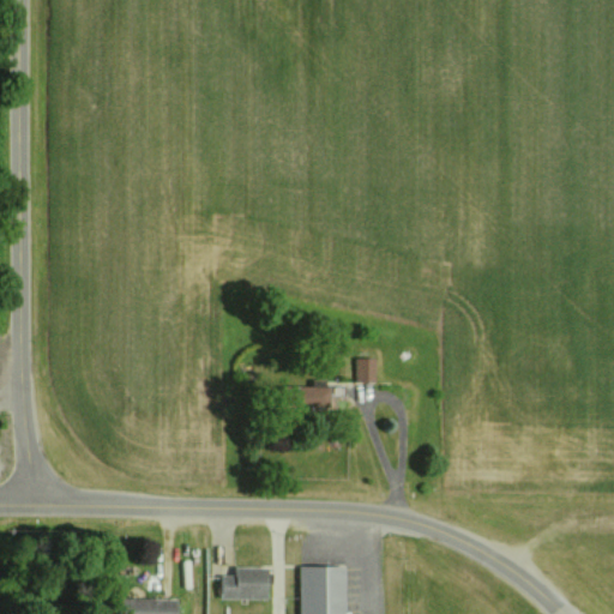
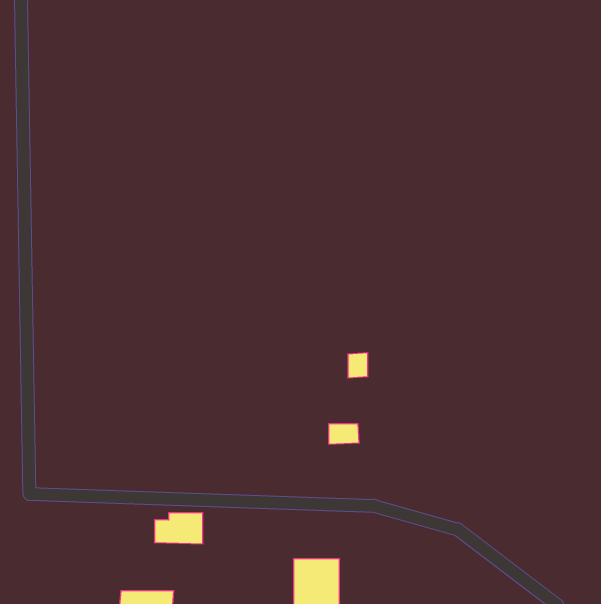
building: [301,387,332,408] -> [329,424,359,444]
building: [222,568,271,600] -> [154,513,203,544]

